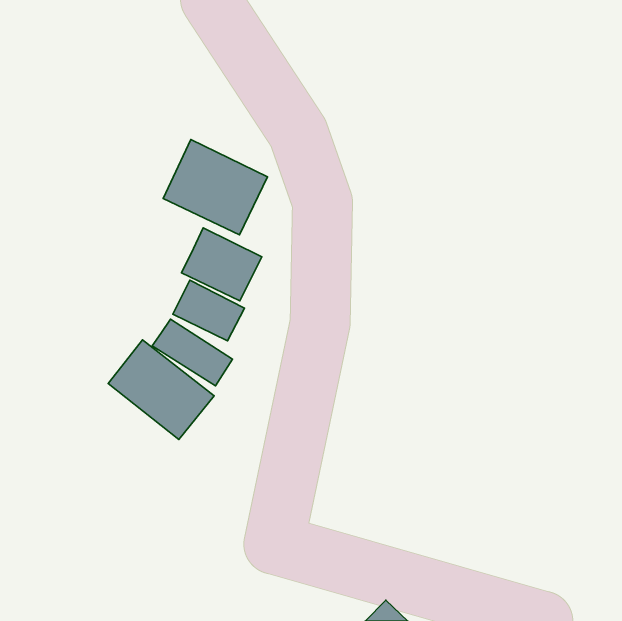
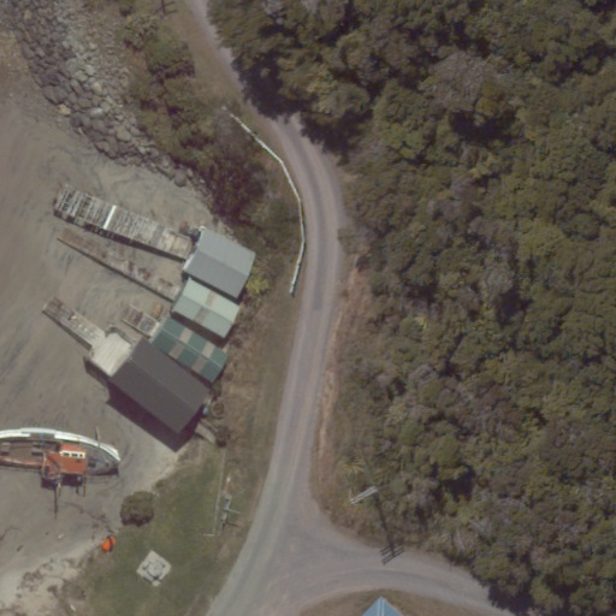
building: [163,140,268,235] -> none

